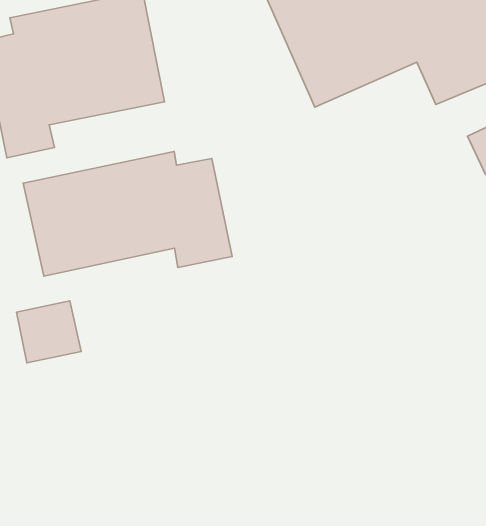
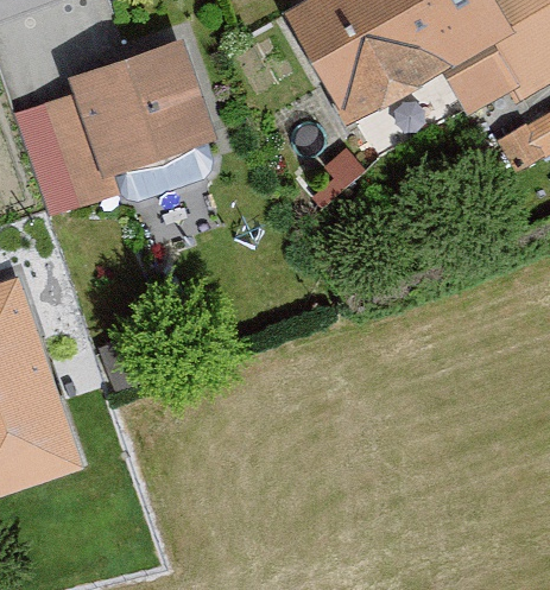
building: [23,152,232,276] -> none

